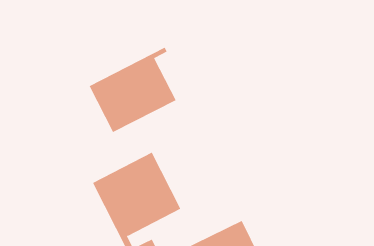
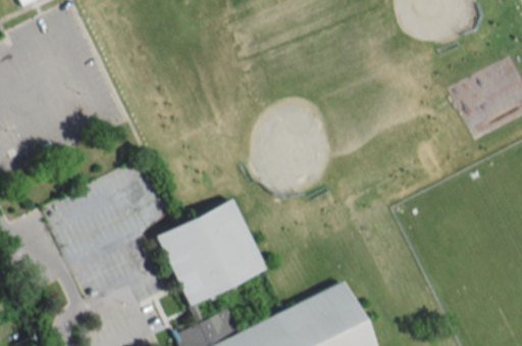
building: [89,47,176,133] -> none

